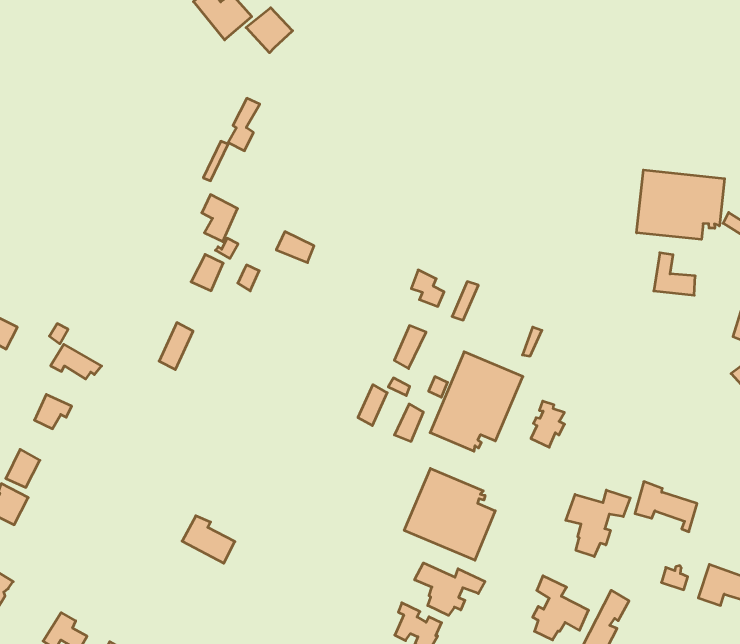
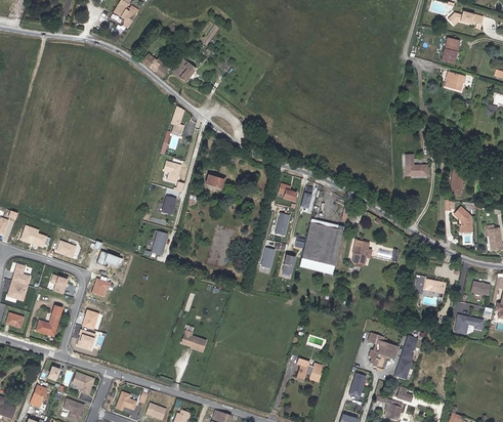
building: [637,170,725,239] -> none
building: [404,468,495,560] -> none
building: [566,490,630,557] -> none
building: [415,563,485,615] -> none

